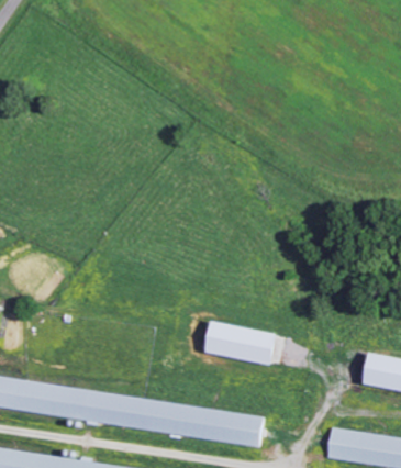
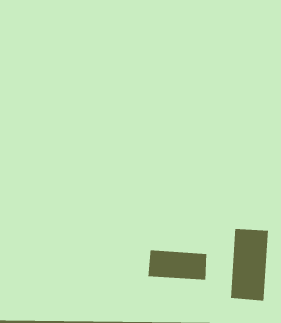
building: none -> [230,228,269,301]

